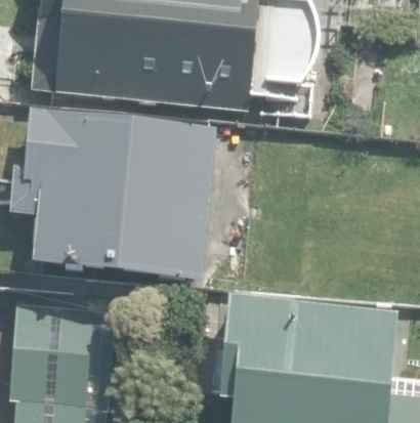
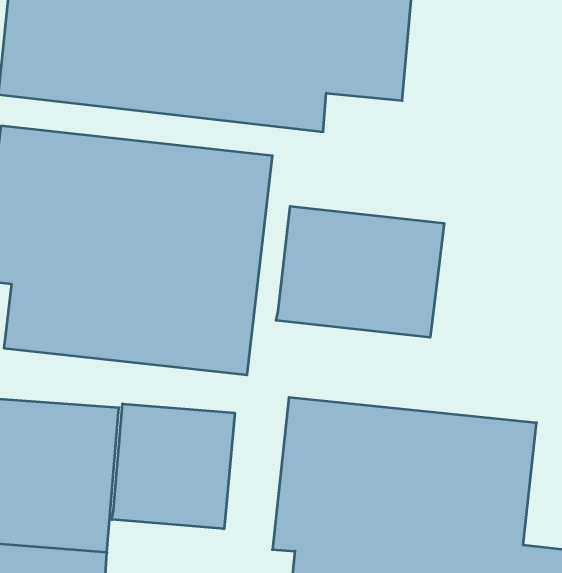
building: none -> [276,206,444,337]
building: none -> [112,404,235,529]

